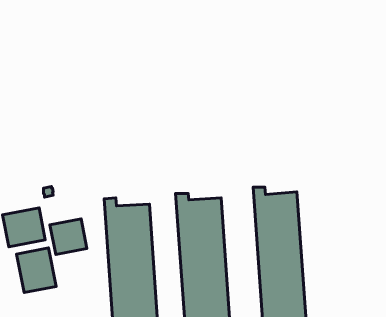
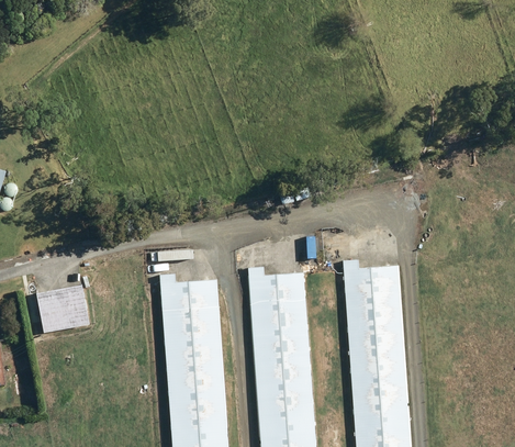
building: [50,219,87,255] -> none
building: [16,248,56,293] -> none

